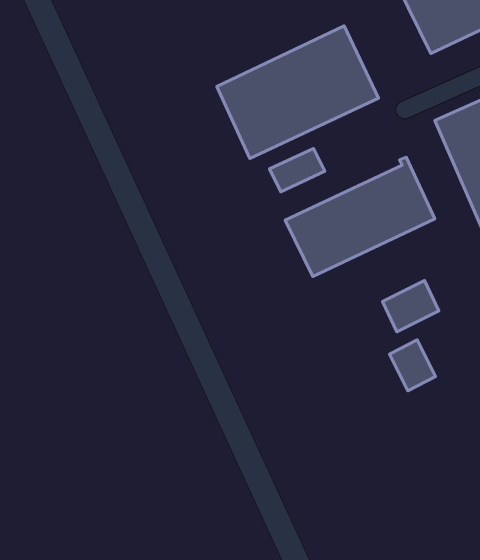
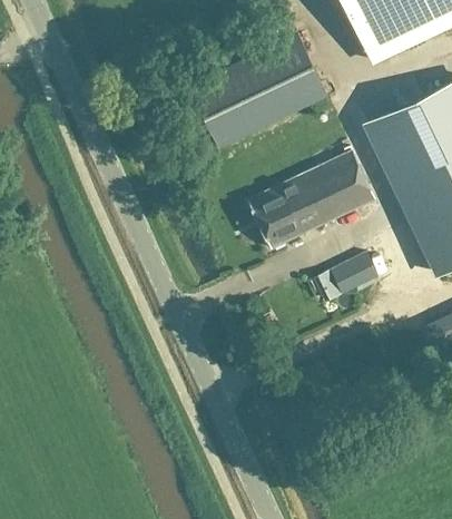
building: [270,148,325,192] -> none
building: [390,340,435,391] -> none

